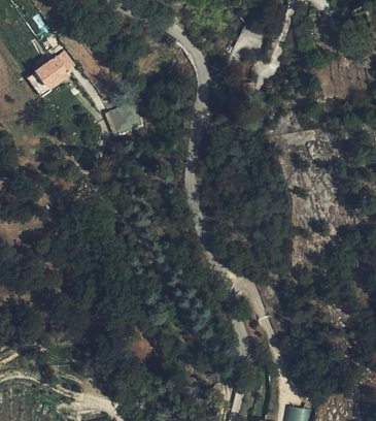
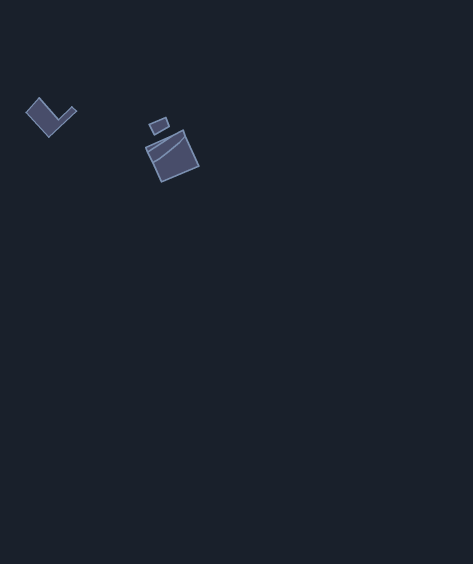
building: [44,53,74,84] -> none

